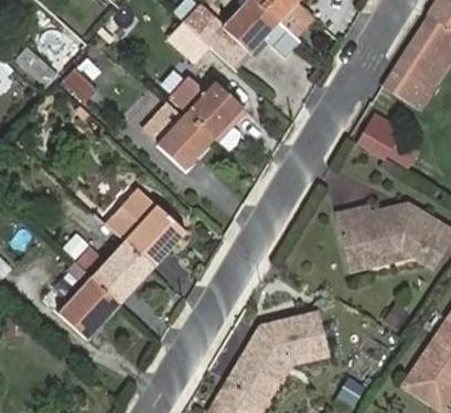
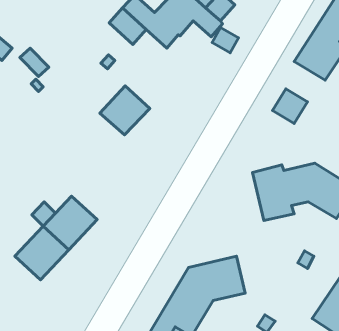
building: [170,76,244,139] -> none
building: [108,191,186,269] -> none

